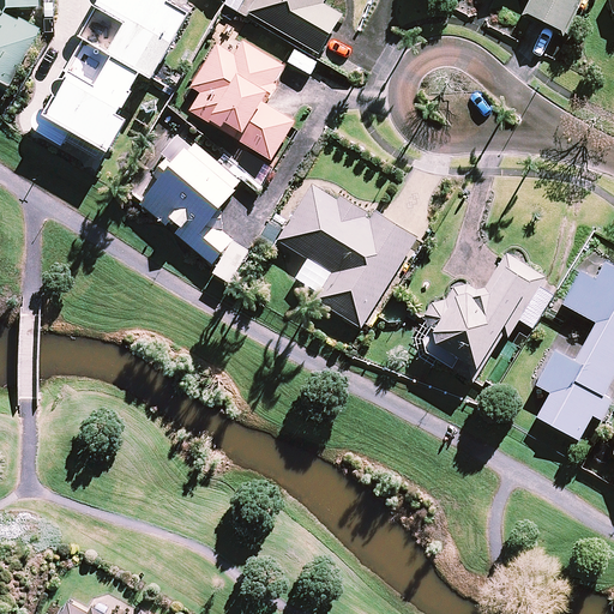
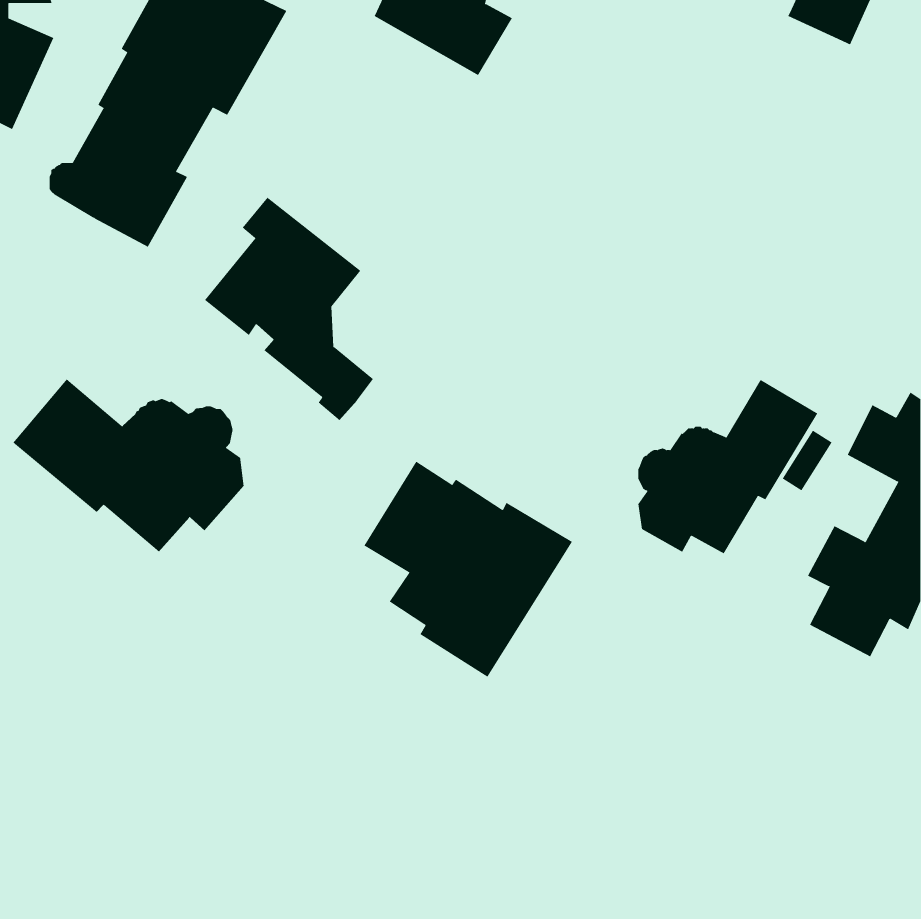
building: [188,41,291,157] -> none
building: [278,182,417,326] -> [363,461,573,677]
building: none -> [13,379,244,553]

